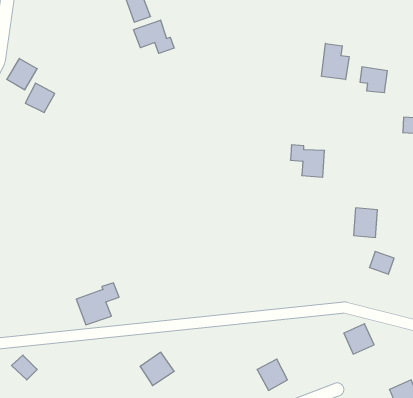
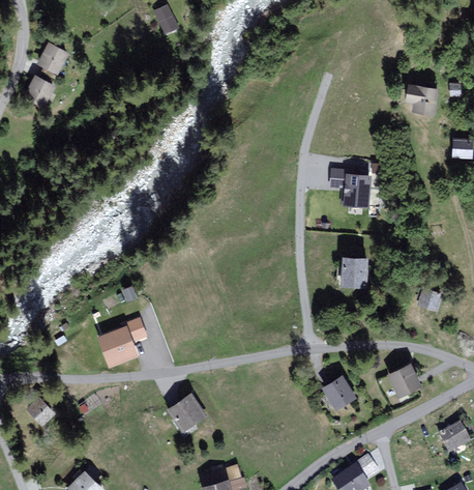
building: [133,20,174,53] -> none
building: [322,43,349,80] -> none
building: [25,83,55,113] -> [37,41,69,74]
building: [354,208,377,237] -> [343,254,368,286]
building: [257,359,287,390] -> [322,375,355,409]

